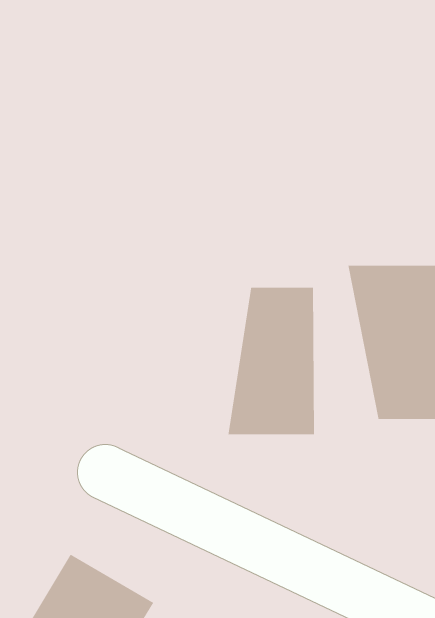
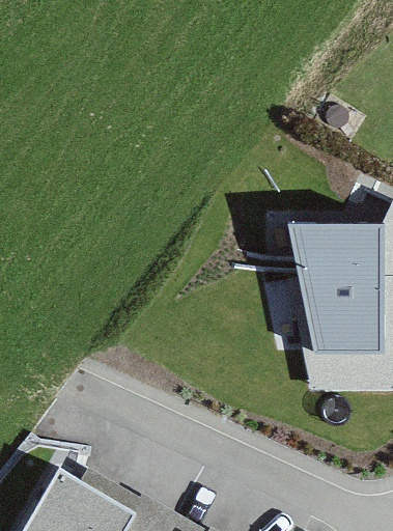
building: [228,287,314,435] -> none

